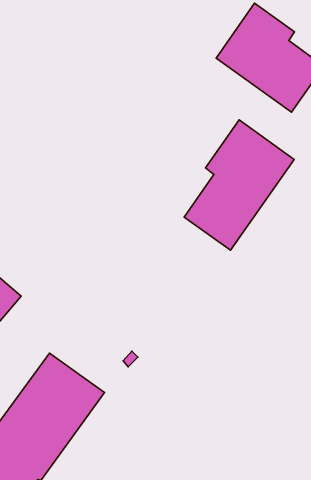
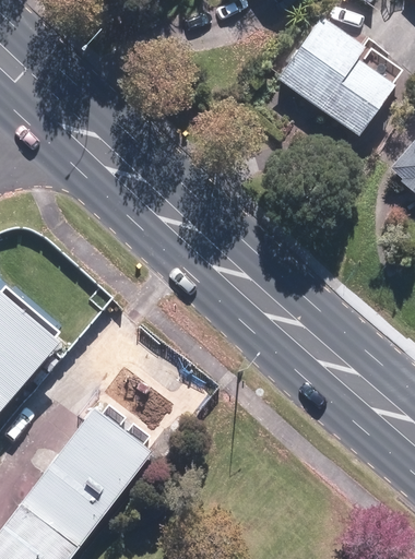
building: [184,120,294,250] -> none

